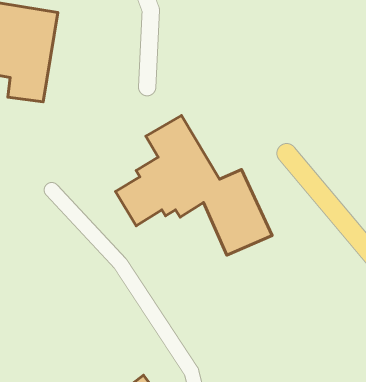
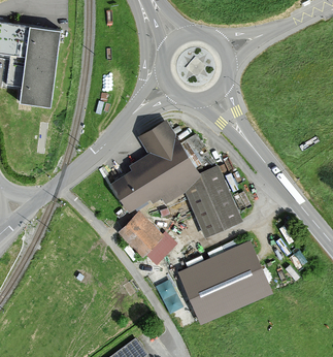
building: none -> [119,215,177,265]
building: none -> [179,241,271,323]

